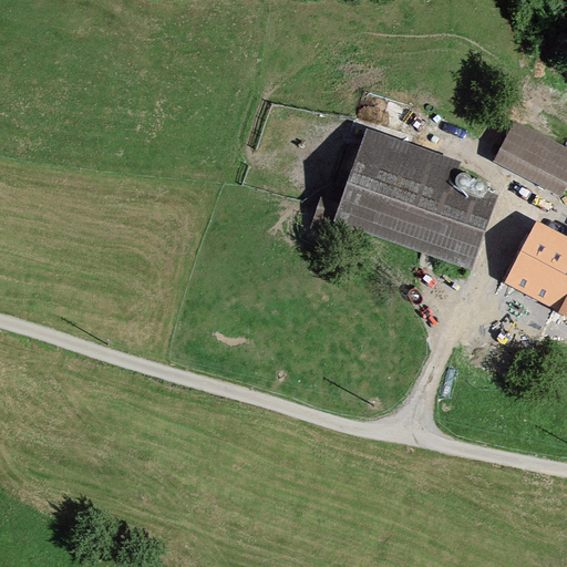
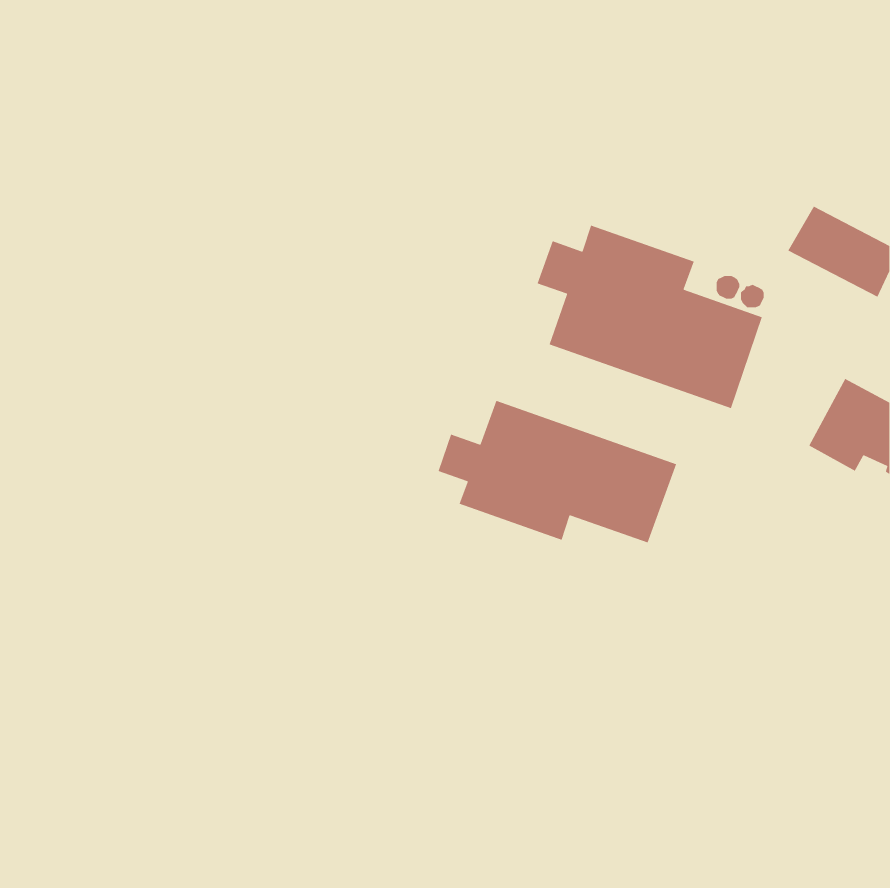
building: none -> [437,400,677,544]

